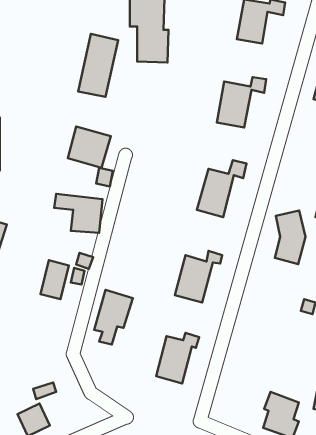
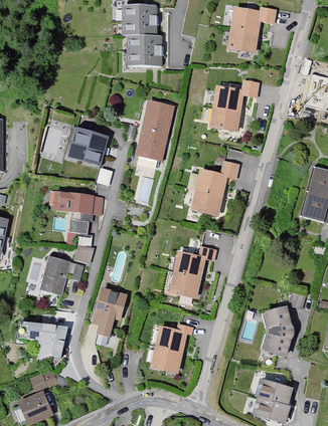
building: [78,34,118,97] -> [135,99,173,160]
building: [275,211,305,264] -> [264,308,293,360]
building: none -> [17,323,68,367]

